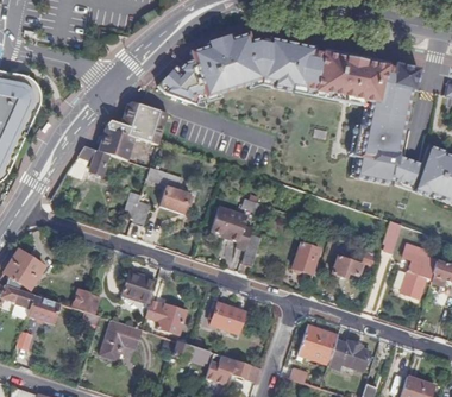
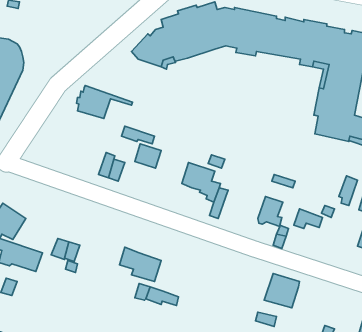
building: [107,102,167,140] -> none
building: [68,145,109,177] -> none
building: [121,271,156,301] -> none
building: [211,302,245,333] -> none
building: [99,319,142,357] -> none
building: [329,340,370,370] -> none
building: [207,352,250,378] -> none

